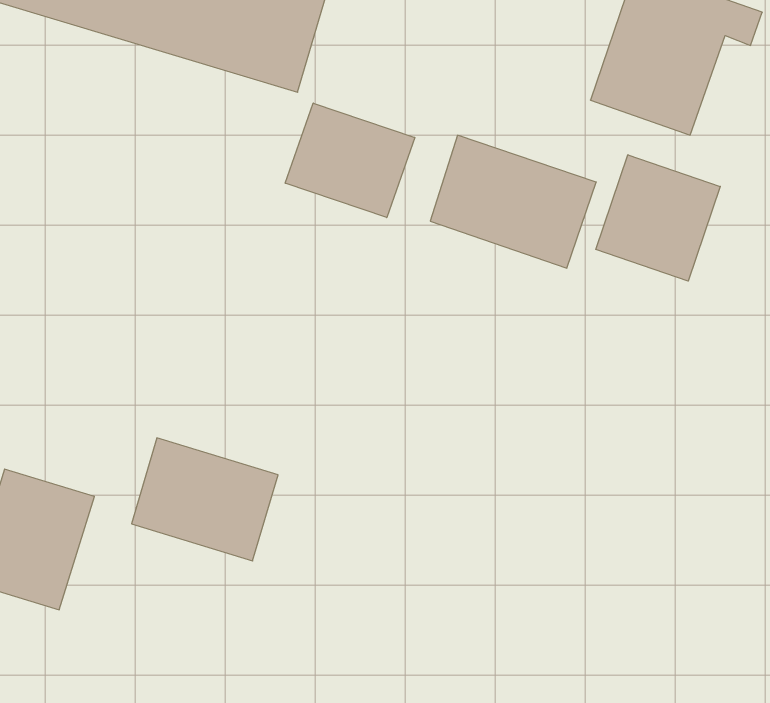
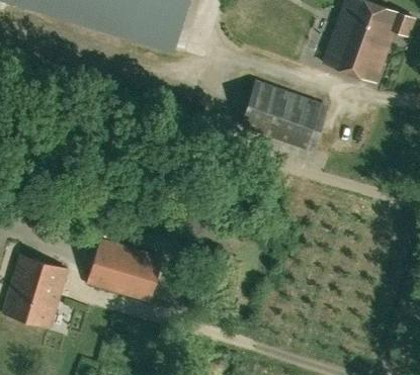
building: [285,103,415,218] -> none
building: [596,155,720,281] -> none

